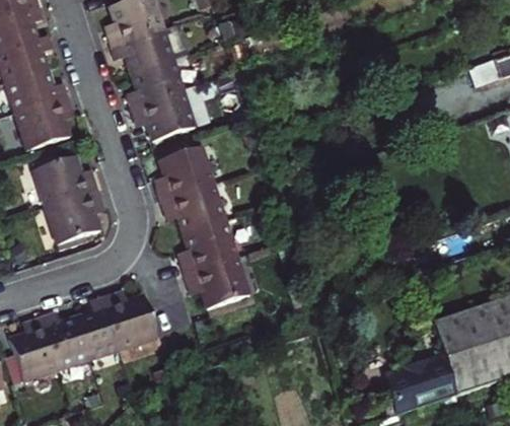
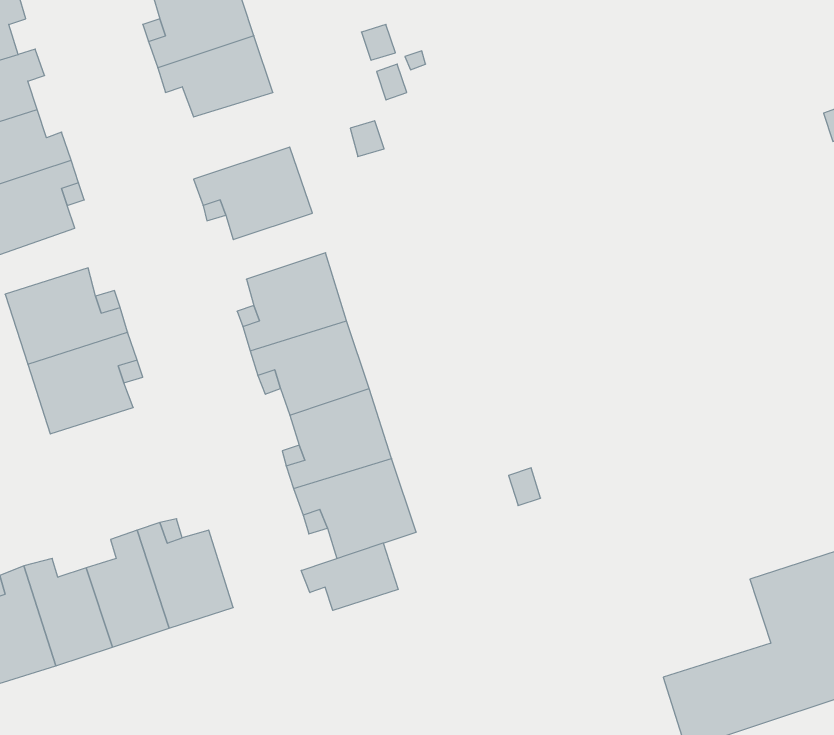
building: [127,60,184,106] -> none
building: none -> [301,543,398,610]

